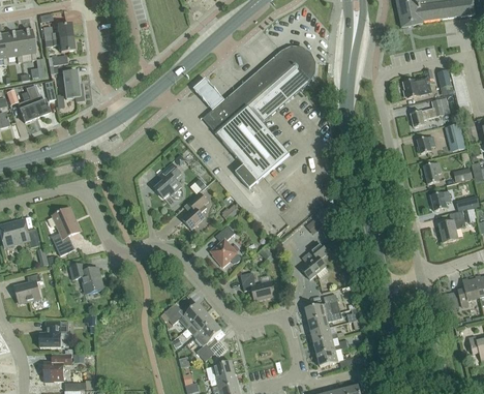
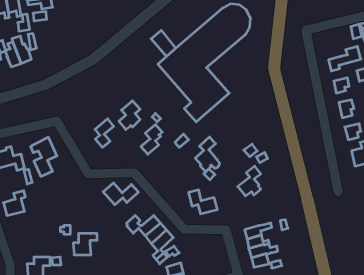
building: [403,69,432,97] -> none
building: [62,70,82,99] -> none
building: none -> [95,119,114,147]
building: [210,224,240,267] -> [195,137,220,172]
building: none -> [103,183,138,205]
building: [69,263,103,293] -> none
building: [305,293,339,320] -> none
building: [39,321,68,346] -> [73,234,97,255]

